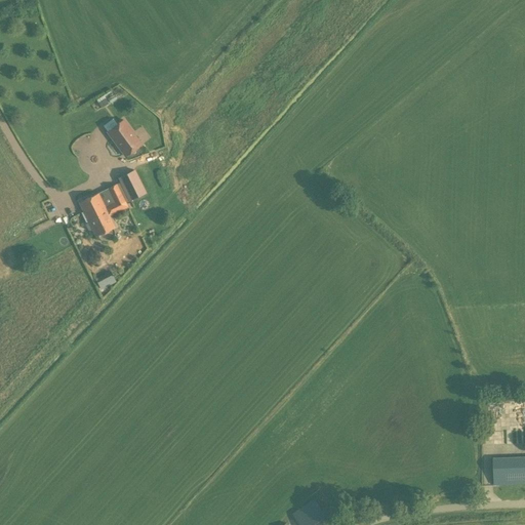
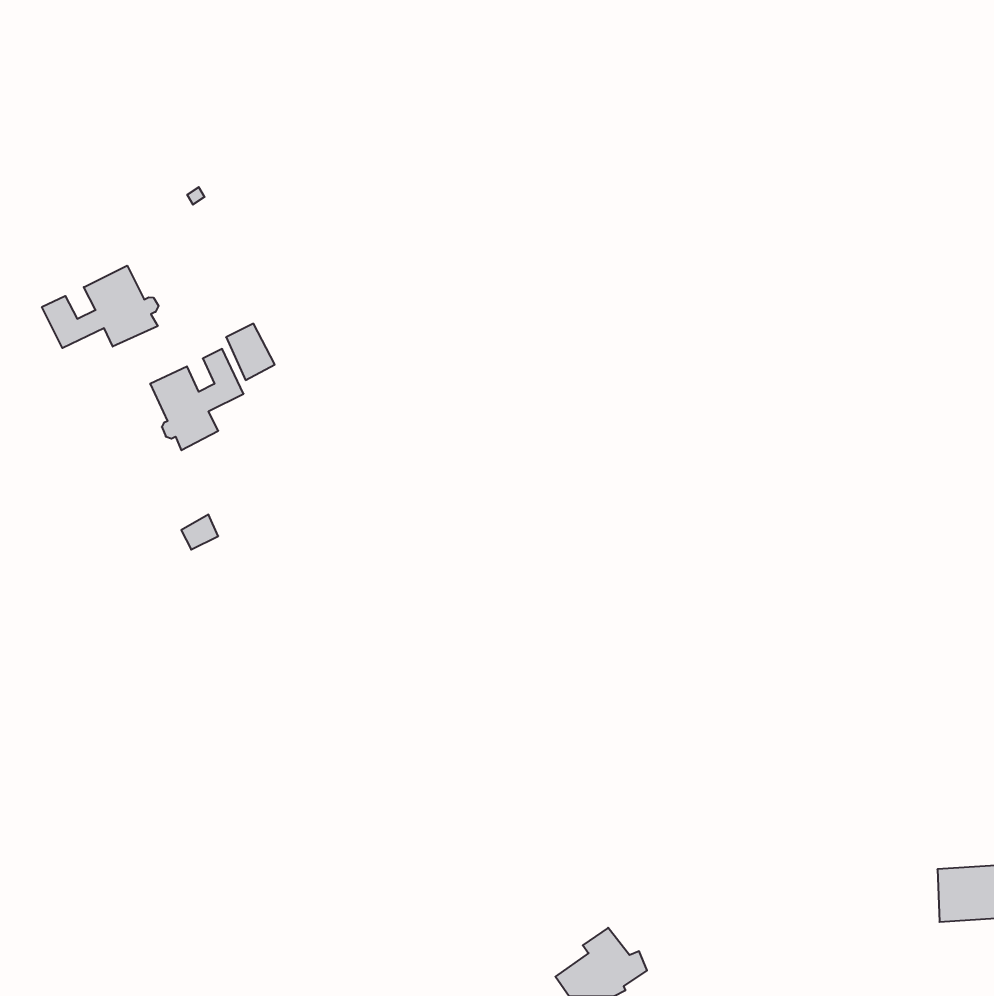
building: [104,117,138,154] -> none
building: none -> [42,266,159,348]

